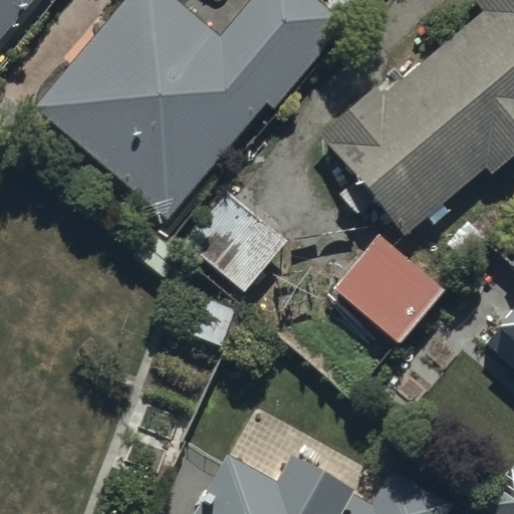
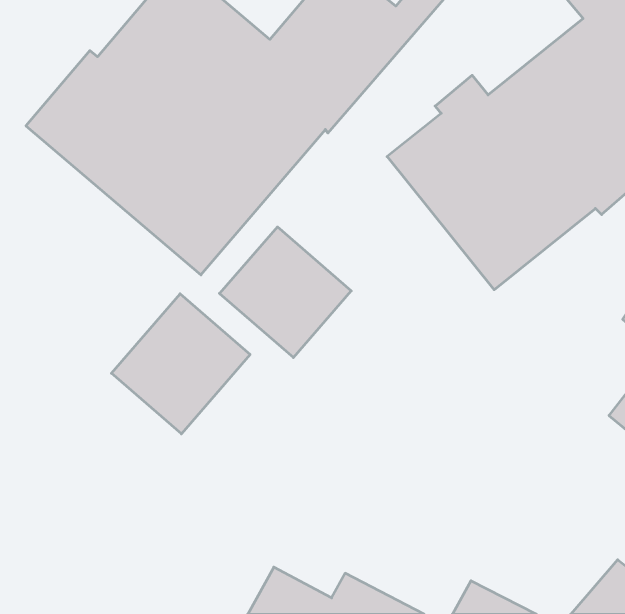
building: [334,233,446,343] -> none
building: none -> [111,294,250,434]

